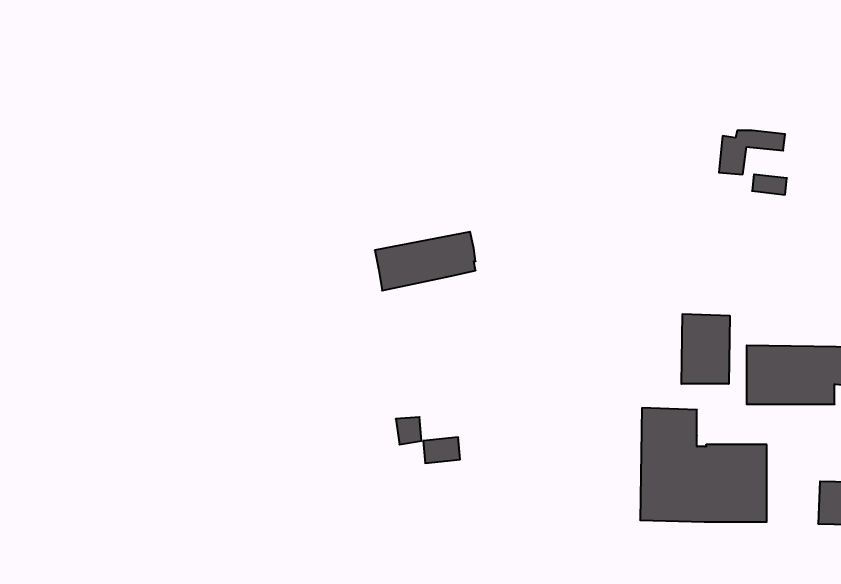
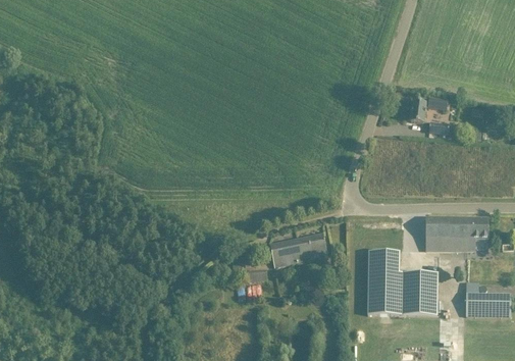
building: [375,232,476,291] -> [270,234,326,266]
building: [681,314,730,384] -> none

